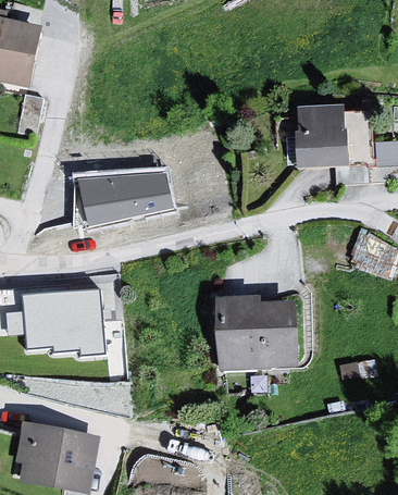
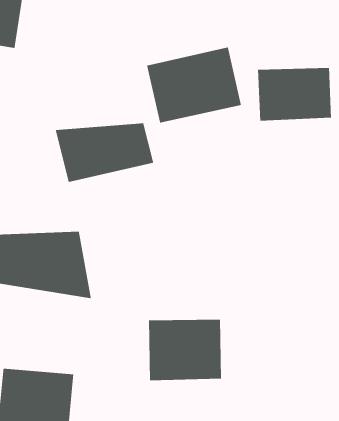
building: none -> [146,46,242,124]
building: [216,301,295,368] -> [148,319,222,381]

